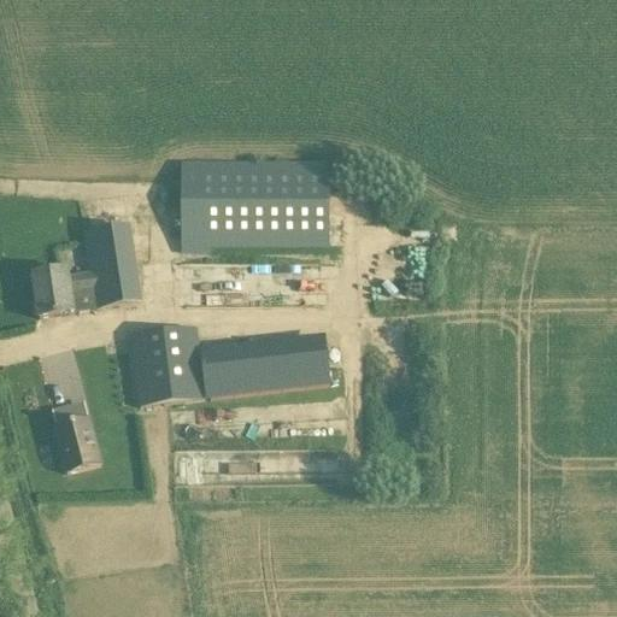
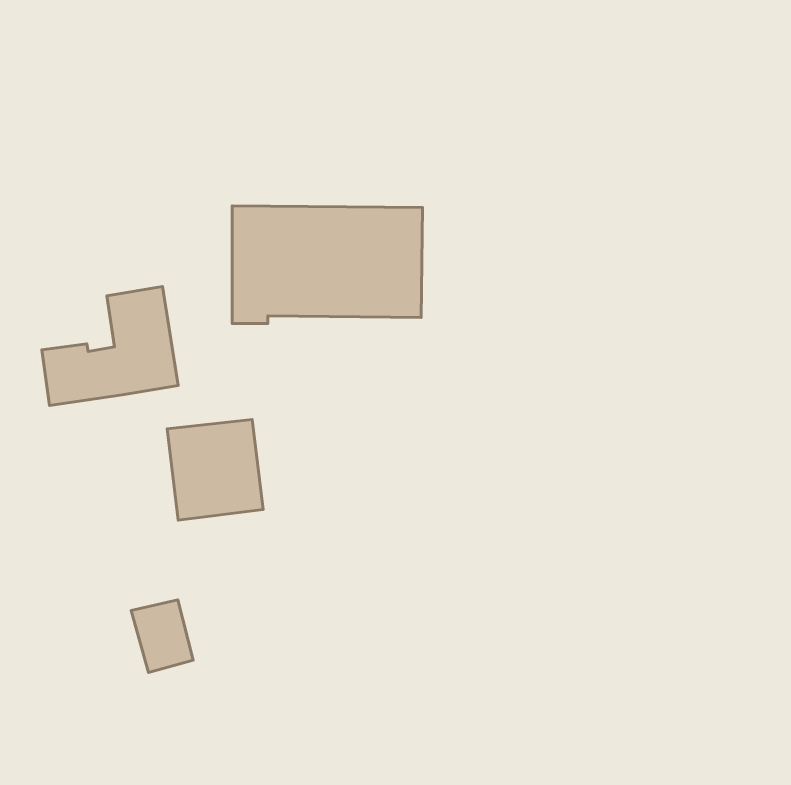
building: [204,340,330,396] -> none
building: [53,416,101,472] -> [131,600,193,673]

